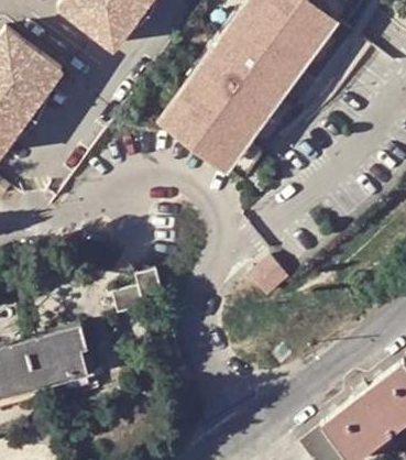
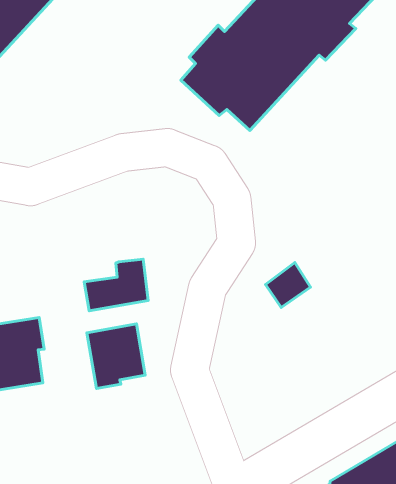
building: none -> [87,324,145,389]

